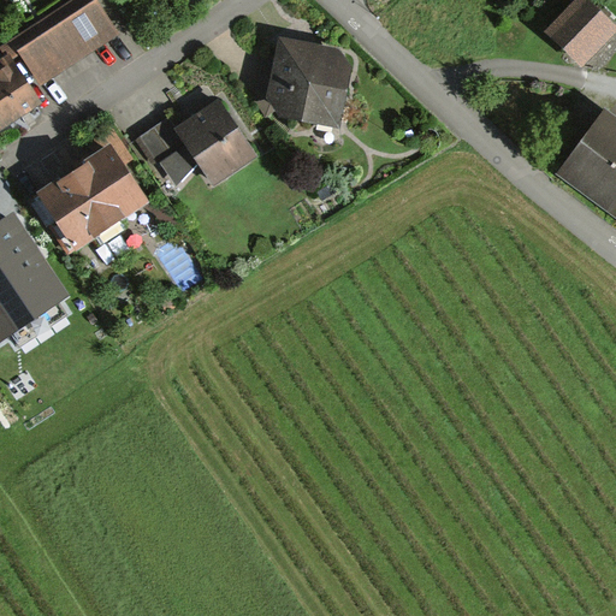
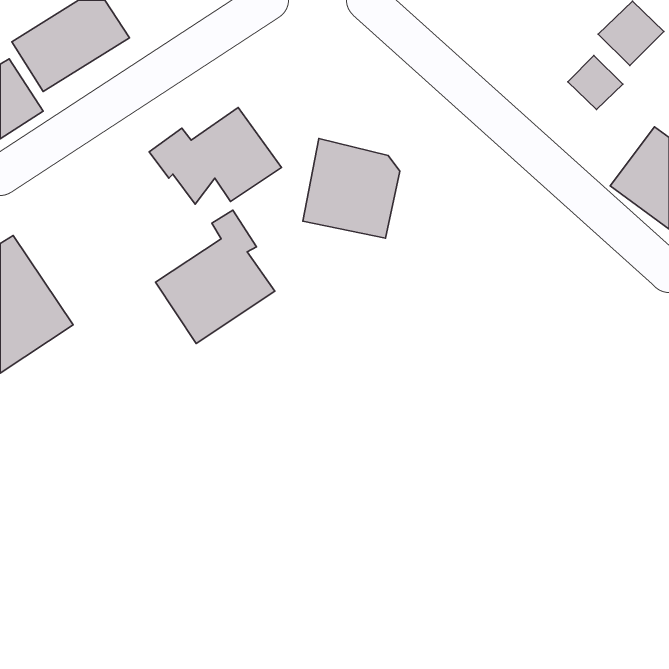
building: [262,36,351,128] -> [303,139,400,238]
building: none -> [568,55,623,109]
building: [38,126,148,249] -> [156,210,275,344]

